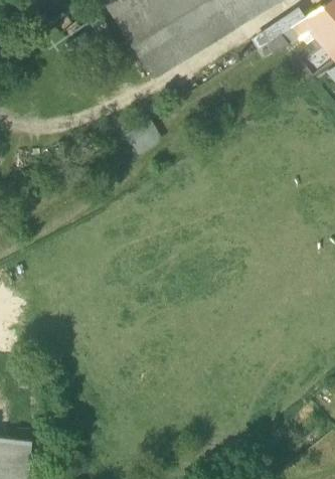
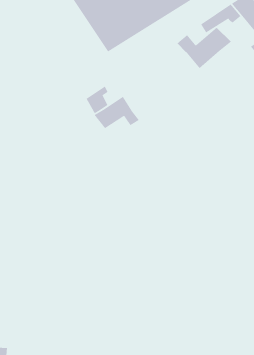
building: none -> [176,27,232,69]
building: none -> [94,96,140,129]

